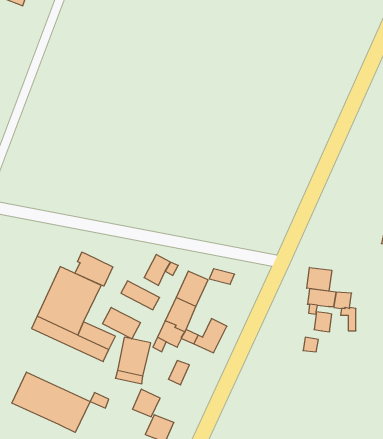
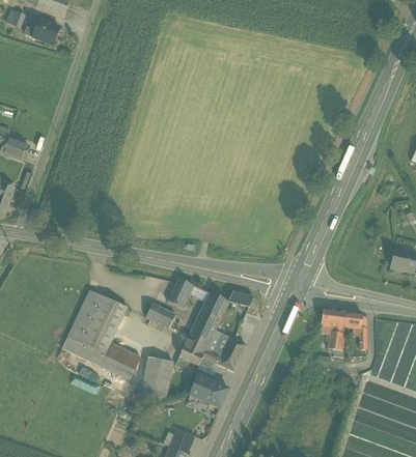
building: [75,252,113,286] -> none
building: [307,267,332,291] -> none
building: [103,307,140,339] -> none
building: [12,372,90,432] -> none
building: [132,389,160,417] -> [201,381,227,407]

